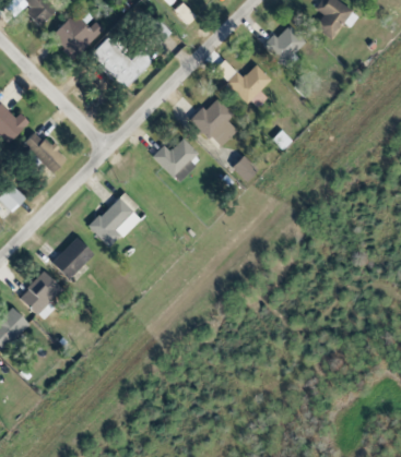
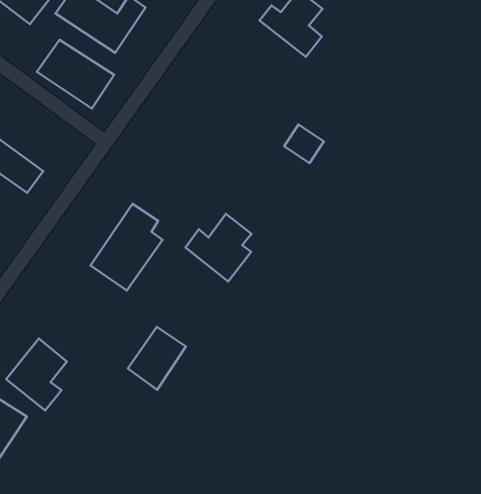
building: none -> [37,40,114,109]
building: [189,99,237,148] -> none
building: [152,137,198,183] -> [186,214,252,281]
building: [51,238,93,280] -> [128,327,186,390]

